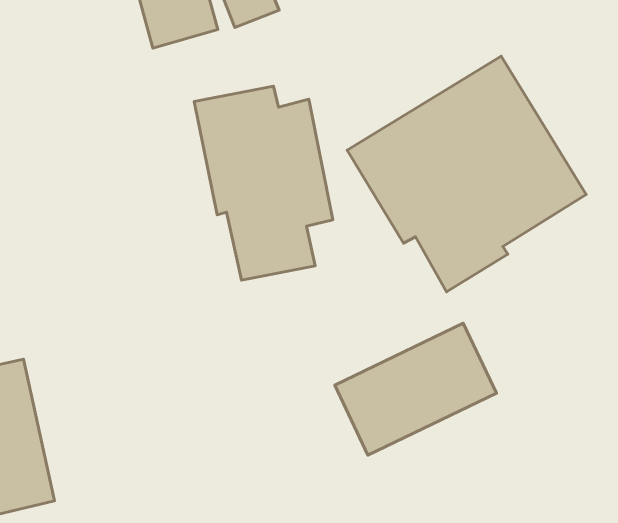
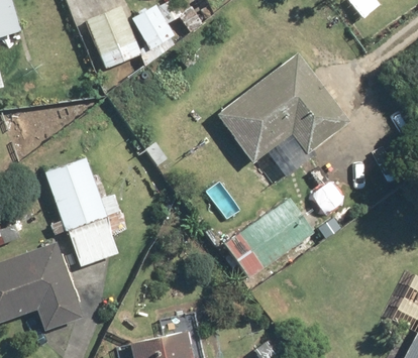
building: [194,86,333,280] -> [43,159,126,267]

